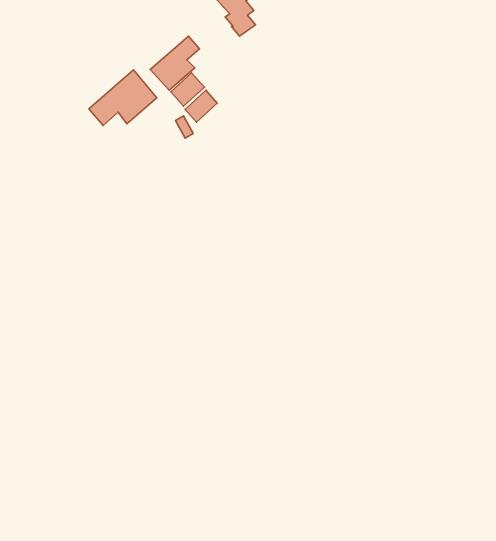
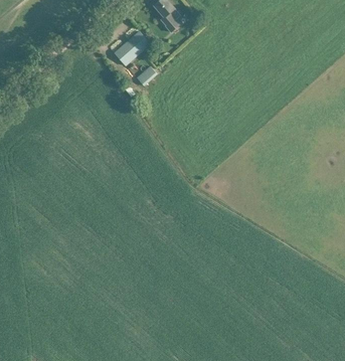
building: [89,70,157,125] -> none

